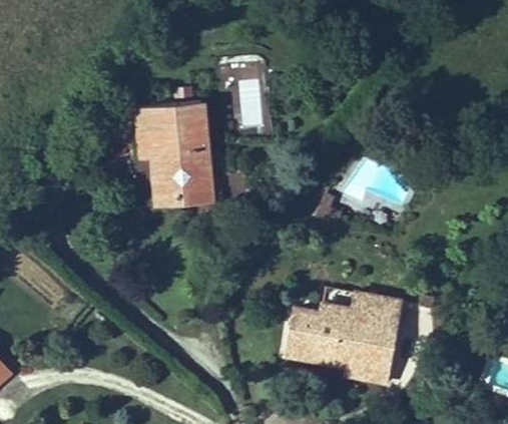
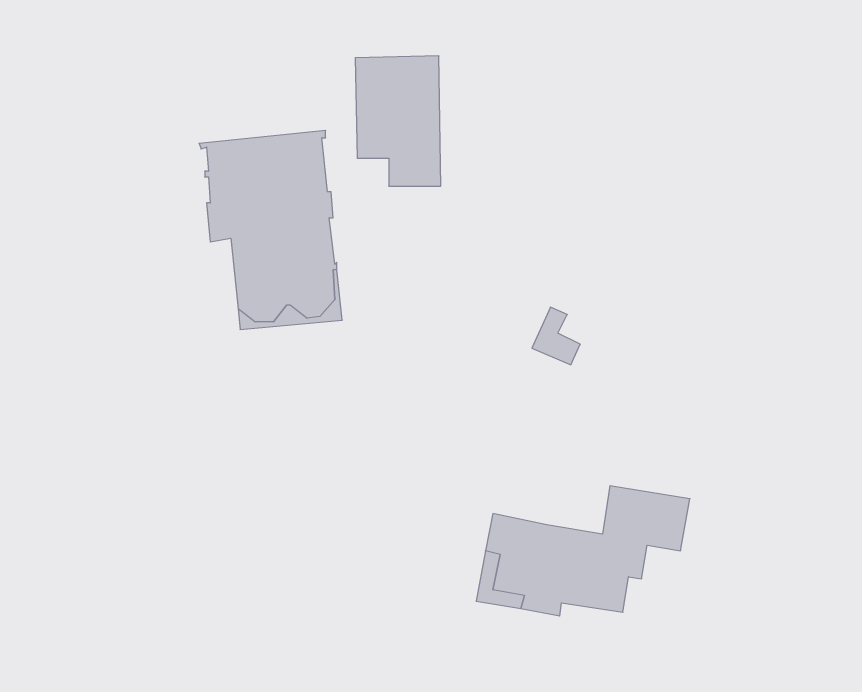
building: [323,289,357,320] -> none
building: [329,326,395,382] -> none

